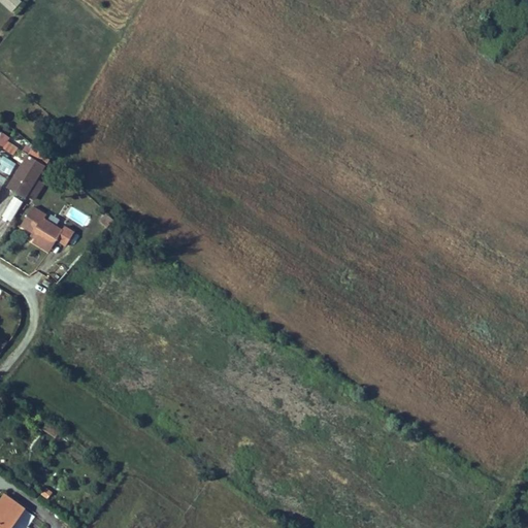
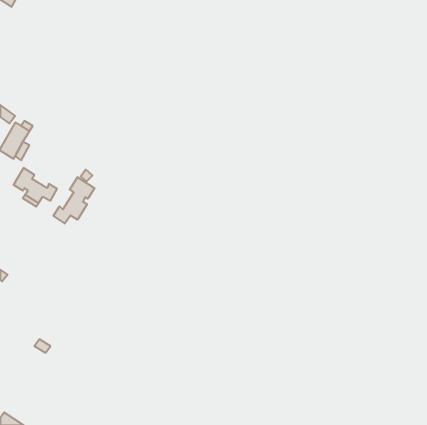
building: none -> [53,177,94,224]

